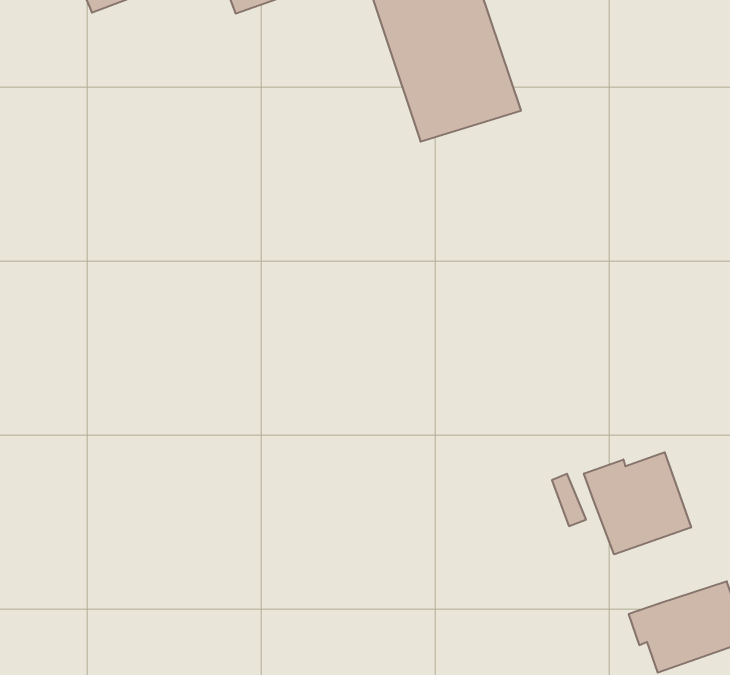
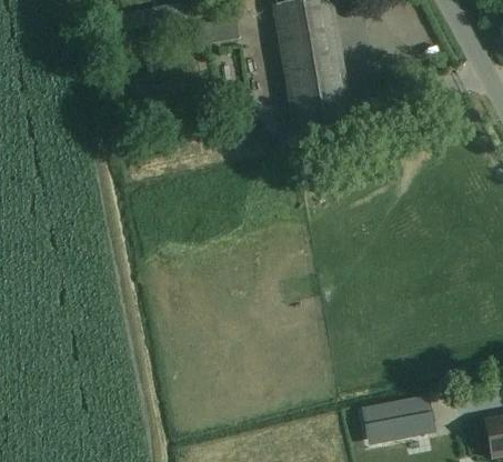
building: [584,452,691,554] -> none

